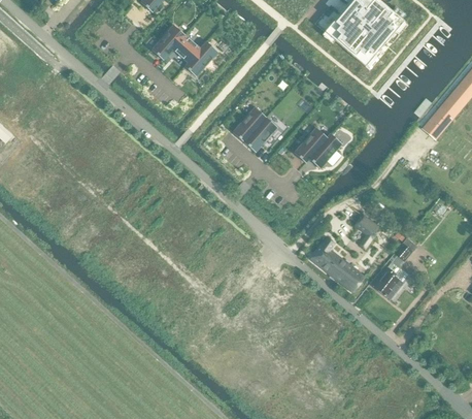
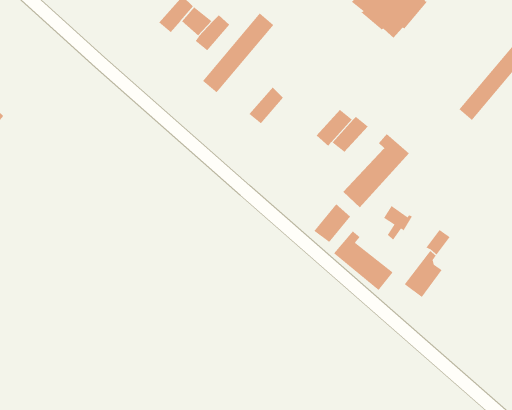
building: none -> [202,13,274,93]
building: [244,118,276,151] -> none
building: none -> [342,133,410,208]
building: none -> [314,204,351,243]

